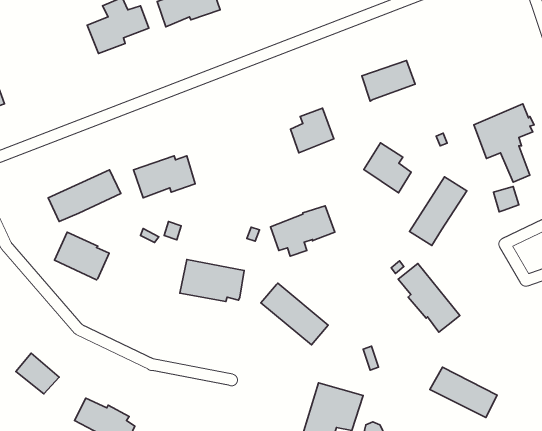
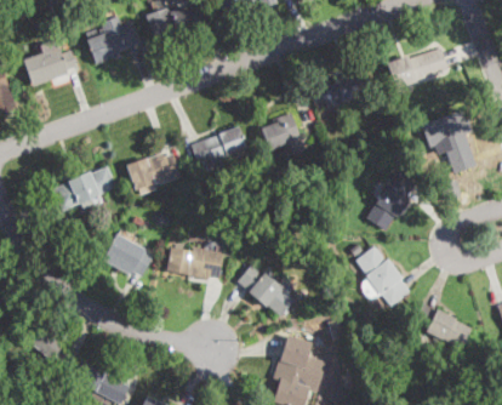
building: none -> [23,41,76,86]
building: none -> [388,47,447,87]
building: [364,143,411,193] -> none
building: [271,206,335,256] -> [190,126,246,170]
building: [54,232,109,280] -> [104,235,152,276]
building: [430,367,497,417] -> [413,303,472,347]

